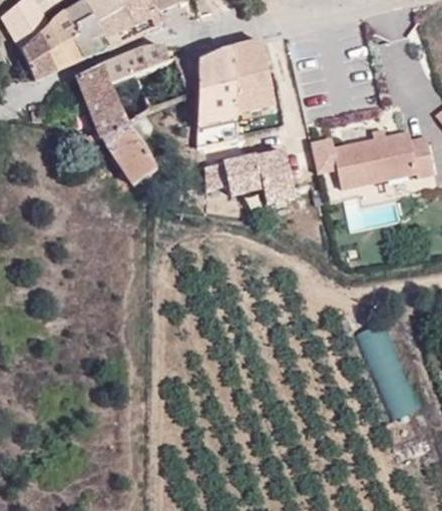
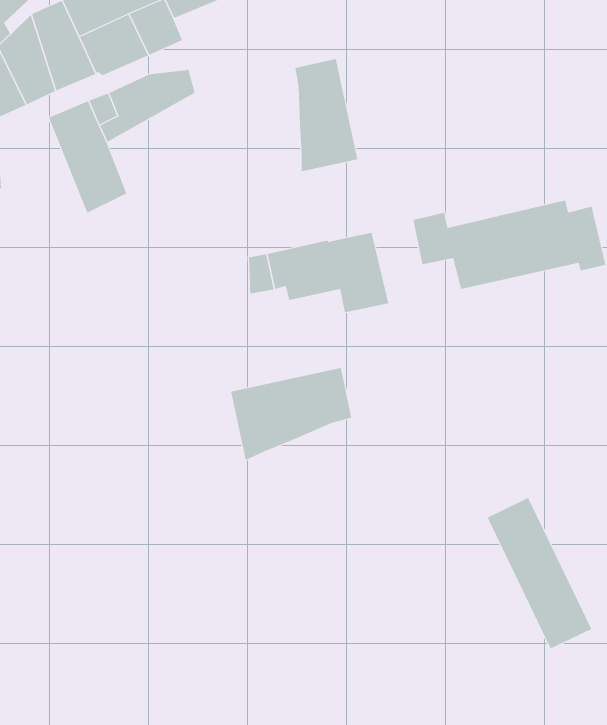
building: [197,44,239,146] -> none
building: [99,125,155,185] -> none
building: none -> [230,367,352,461]

